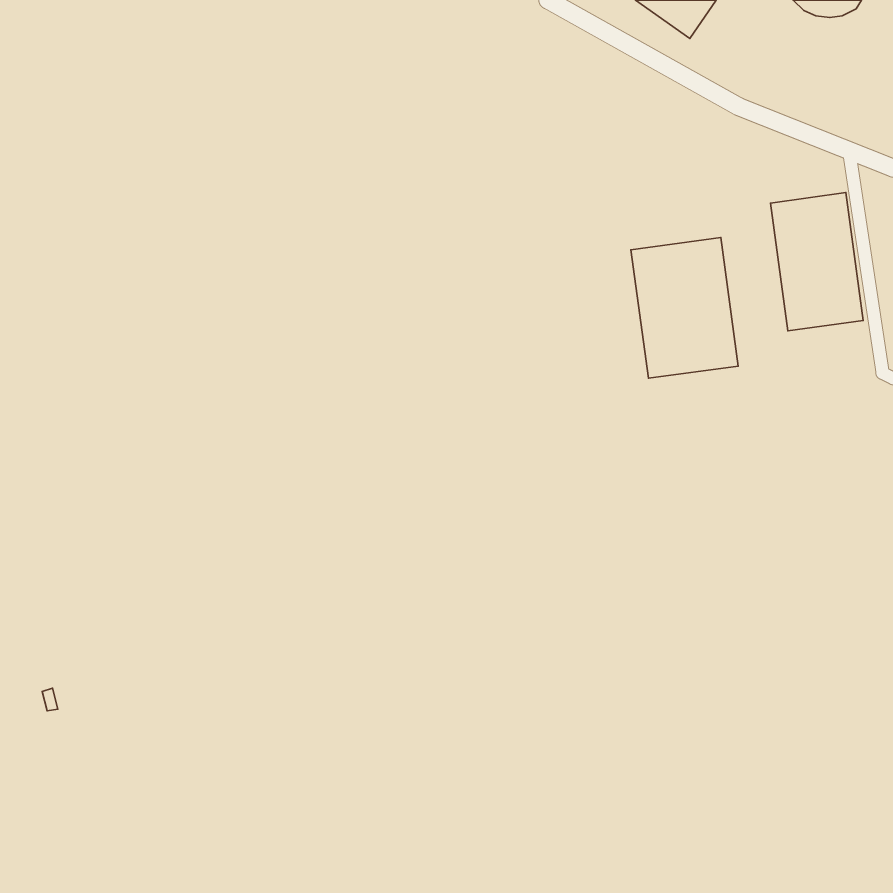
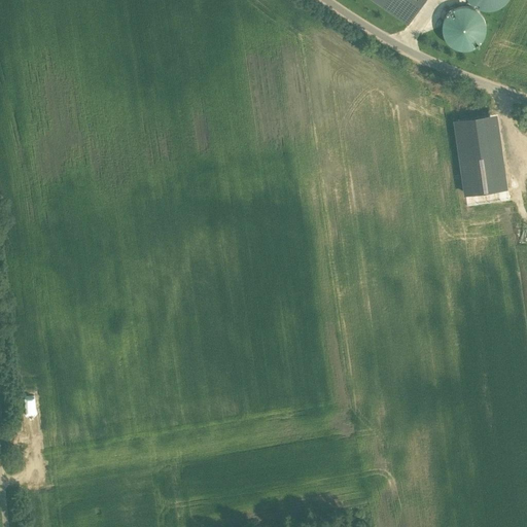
building: none -> [442,7,484,49]
building: [631,238,738,378] -> none

